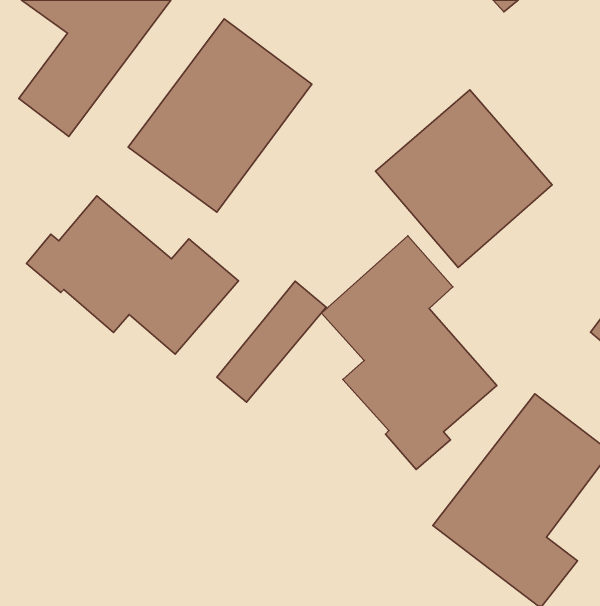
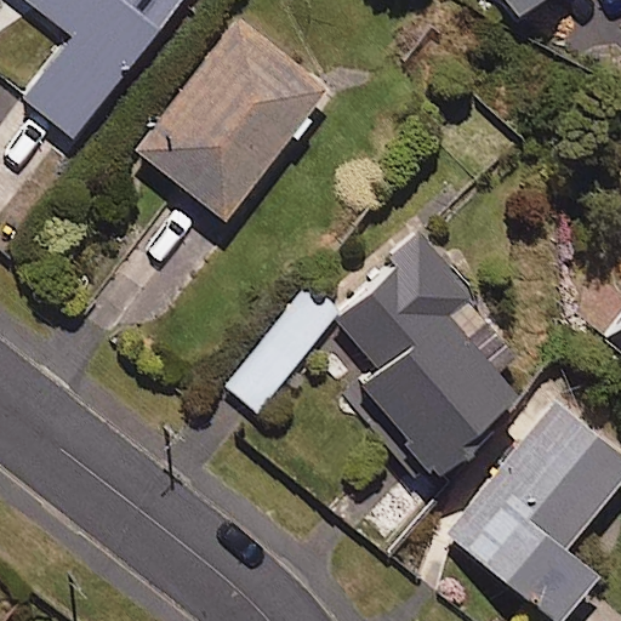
building: [375,90,552,267] -> none
building: [27,196,238,354] -> none

